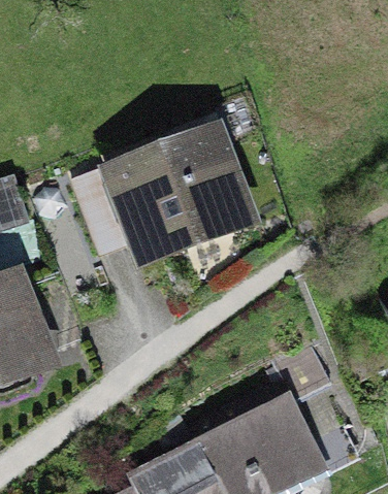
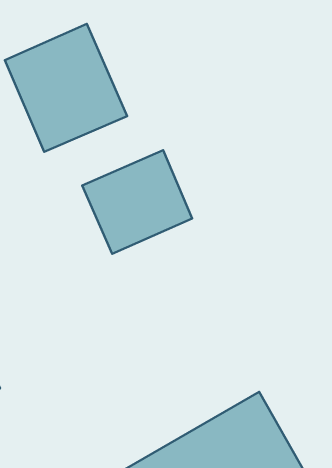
building: none -> [5,24,127,152]

